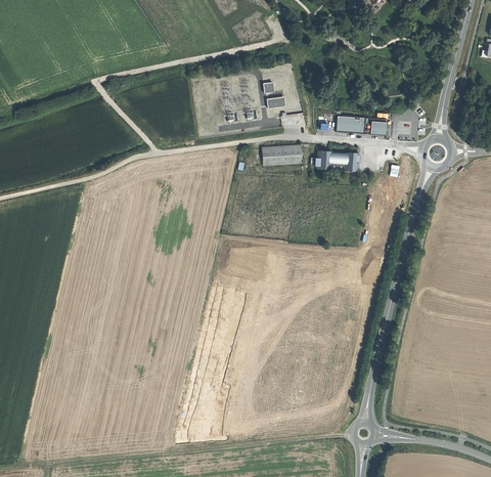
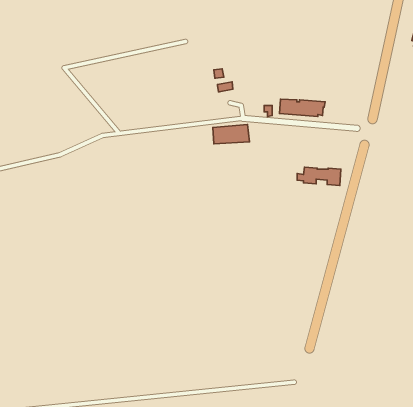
building: [311,150,360,171] -> [297,167,341,186]

